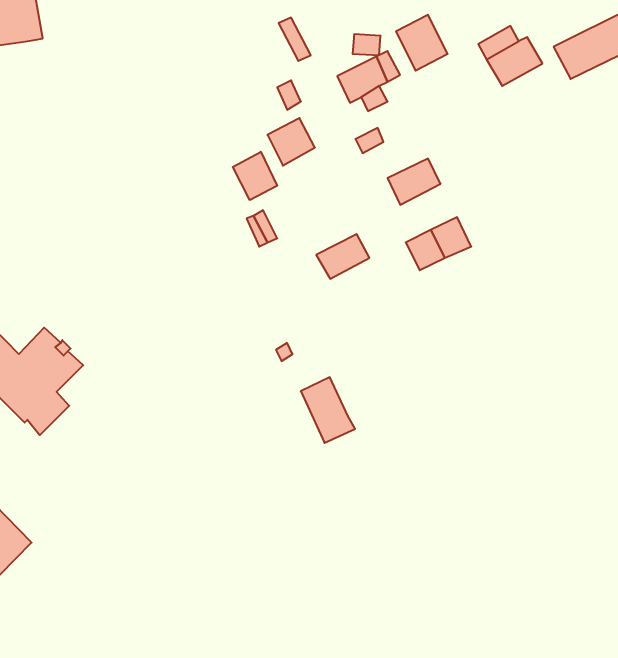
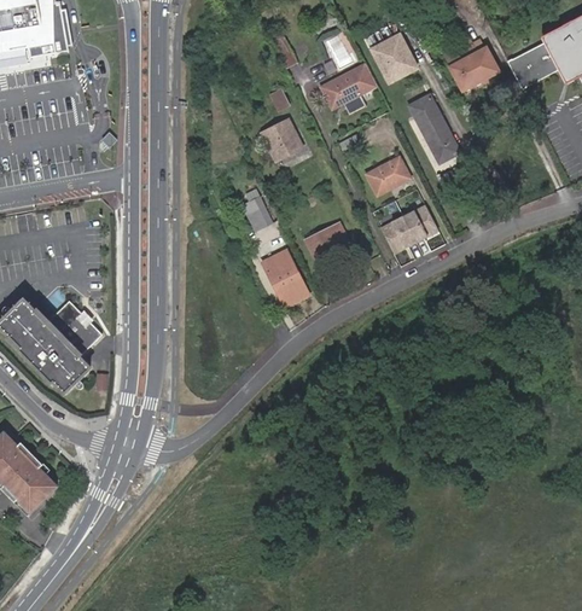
building: none -> [408,92,458,158]
building: [233,152,277,200] -> none
building: [301,377,355,443] -> [262,254,309,310]

